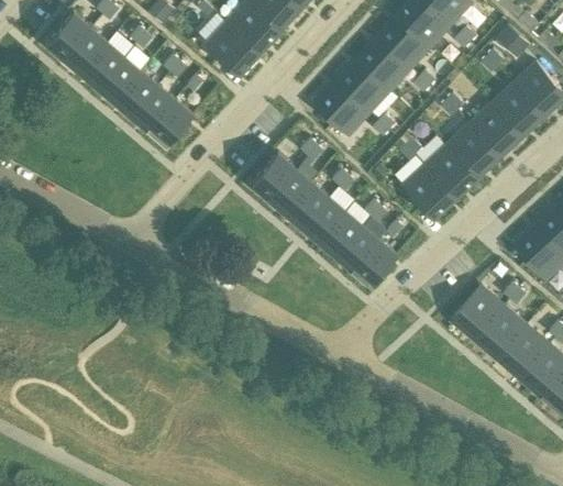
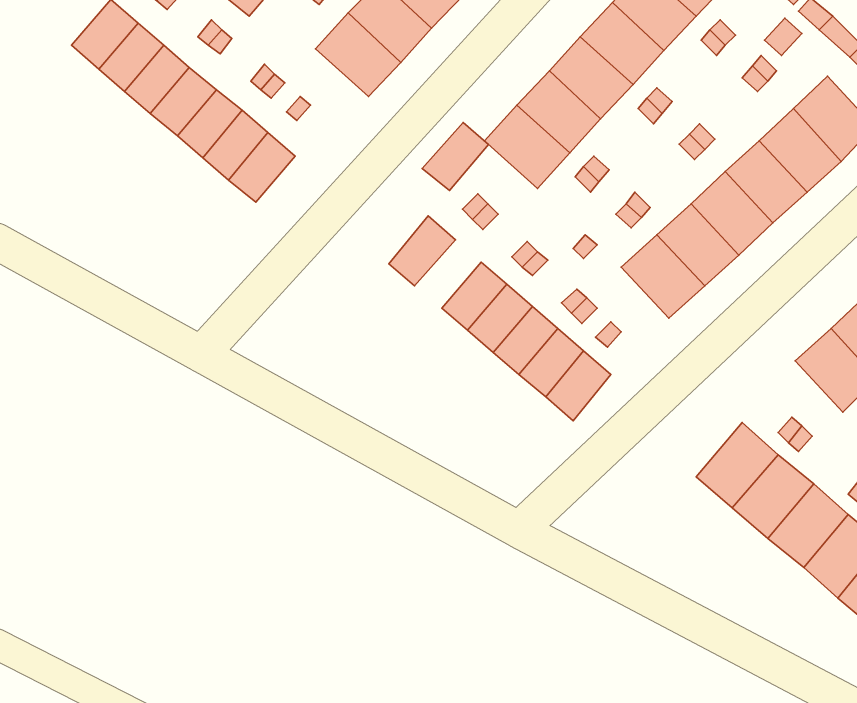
building: [271,166,313,210] -> [422,122,489,191]

